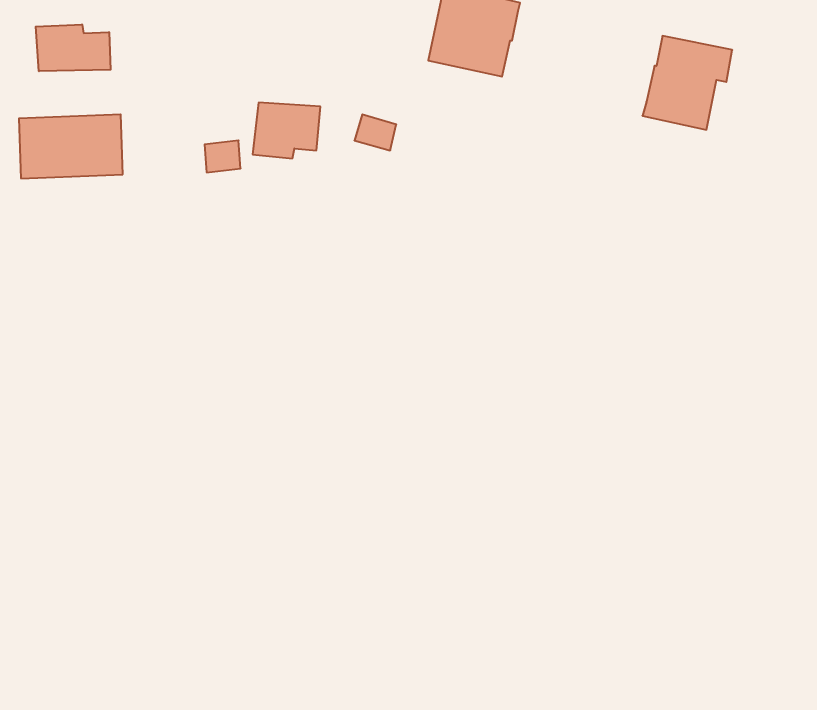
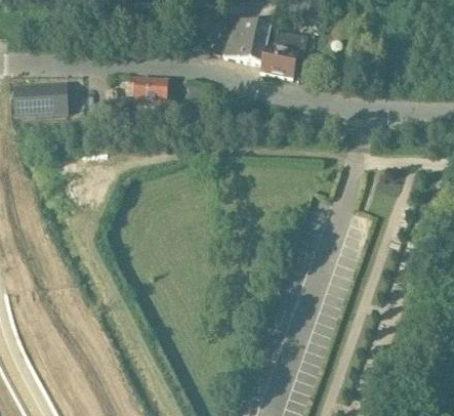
building: [36,24,111,71] -> none
building: [642,36,732,130] -> [259,29,305,77]

